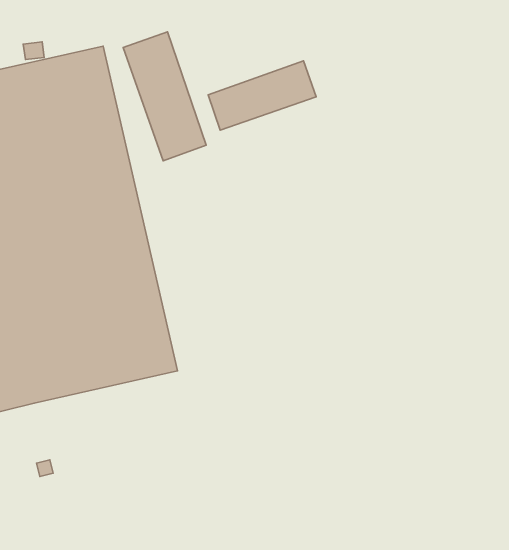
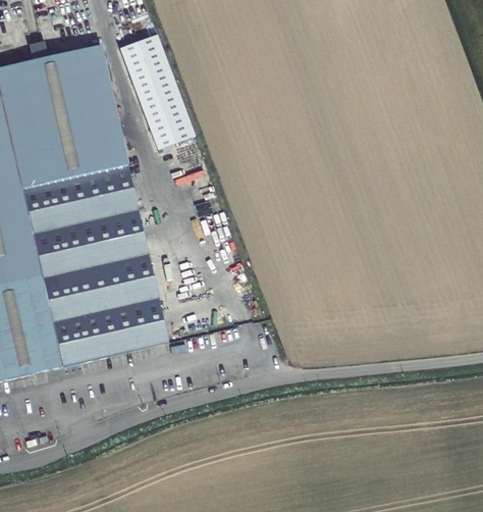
building: [208,61,316,130] -> none

